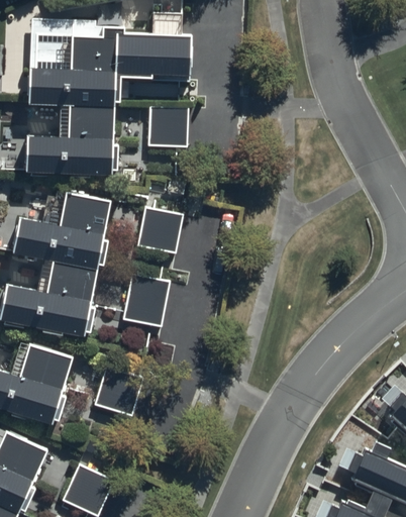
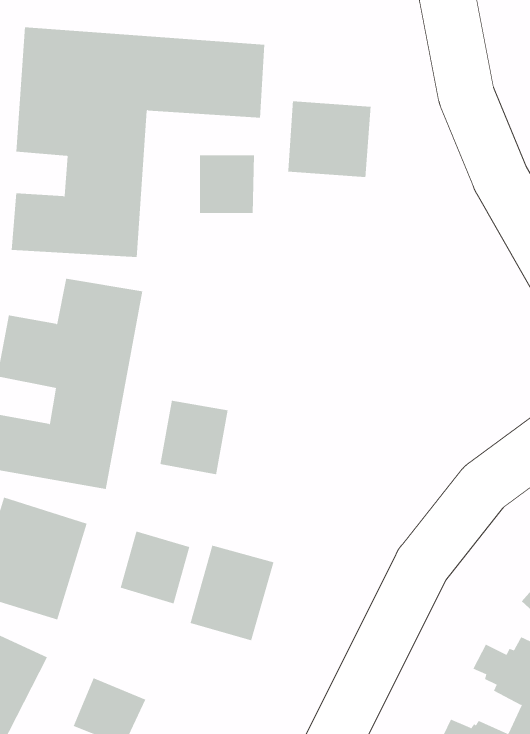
building: none -> [287,101,371,178]
building: [139,208,183,254] -> none
building: none -> [190,544,274,641]

